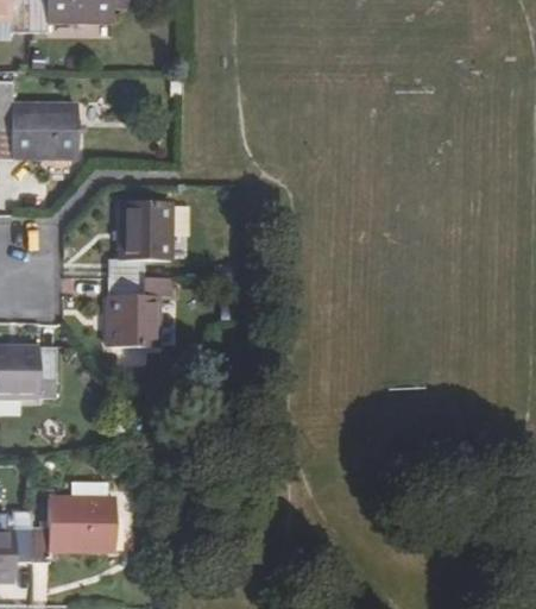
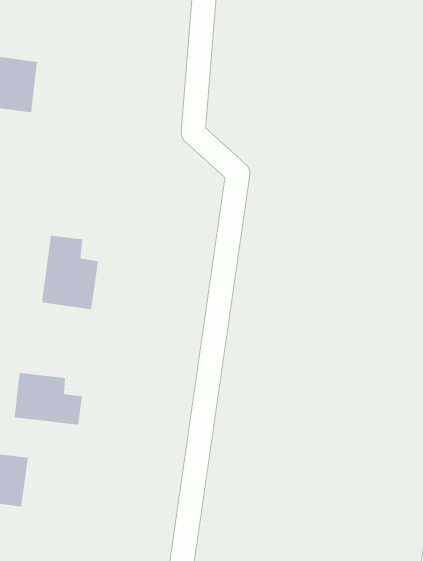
building: [109,203,176,276] -> none
building: none -> [14,372,82,425]

